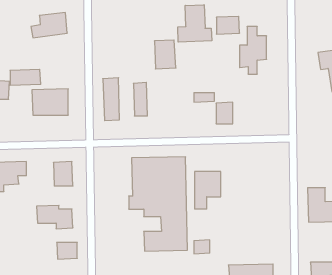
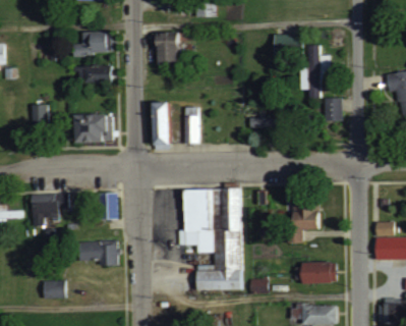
building: [178,5,212,42] -> none
building: [154,40,176,69] -> [155,32,178,63]
building: [10,69,41,85] -> [78,65,112,83]
building: [216,102,233,124] -> [324,97,342,120]
building: [195,172,221,209] -> [289,202,317,242]
building: none -> [300,261,336,283]
building: [57,242,77,259] -> [43,280,65,298]

